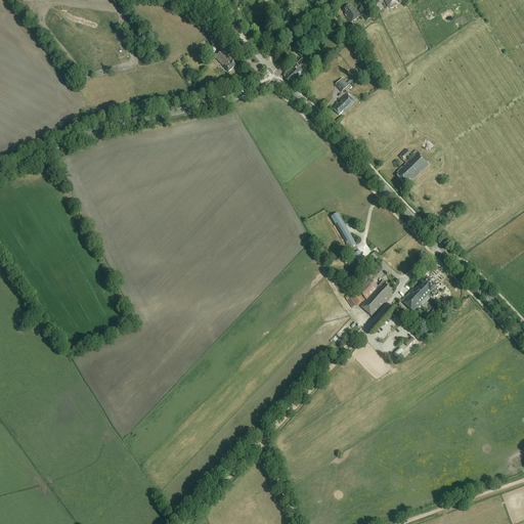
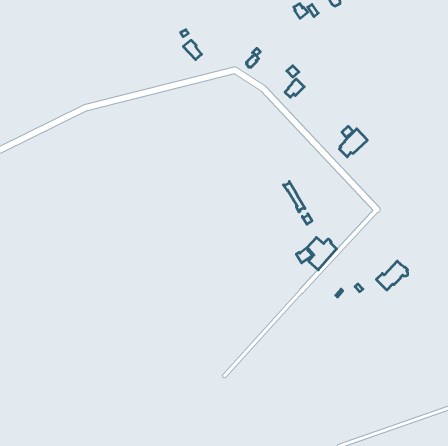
building: [401,277,438,311] -> [376,261,408,290]

